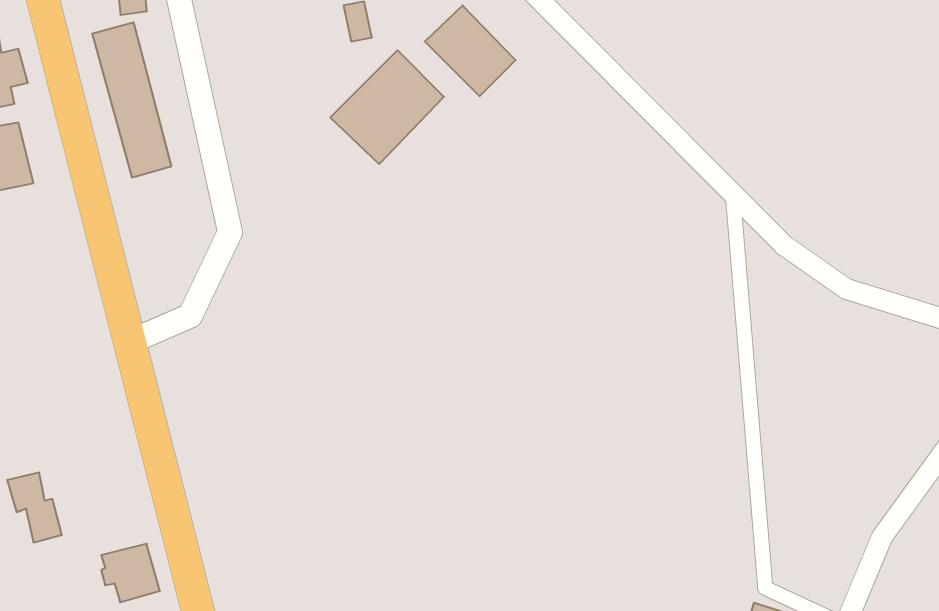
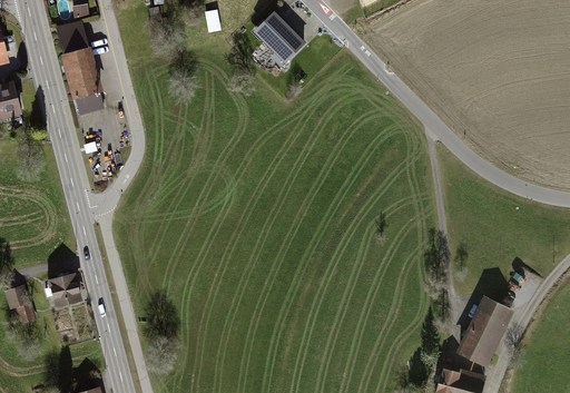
building: [330,50,444,164] -> none
building: none -> [459,293,515,363]
building: [101,544,160,602] -> [47,273,81,307]

